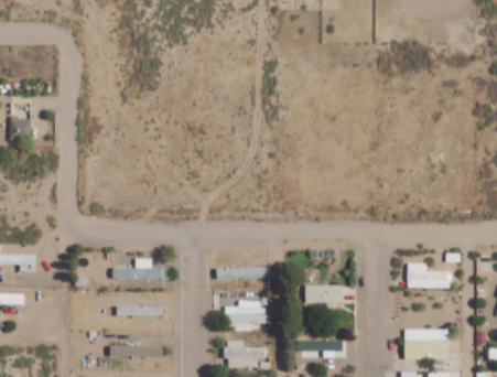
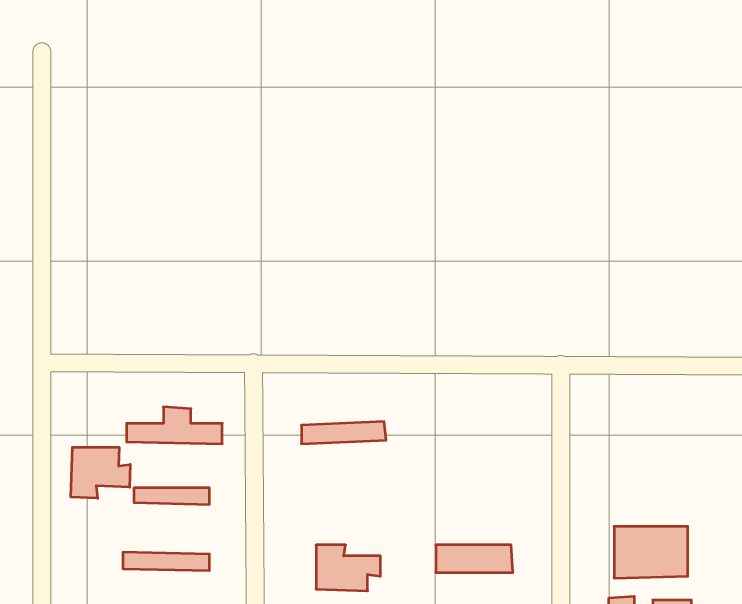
building: [407,263,450,289] -> none
building: none -> [71,447,130,498]
building: [305,286,342,303] -> none
building: [225,308,268,325] -> none

